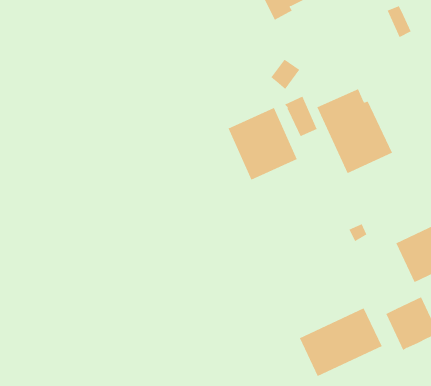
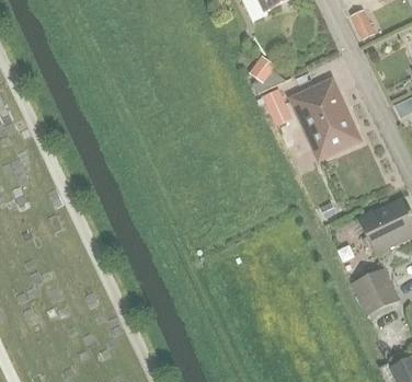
building: [228,107,297,181] -> none
building: [299,308,382,377] -> none

